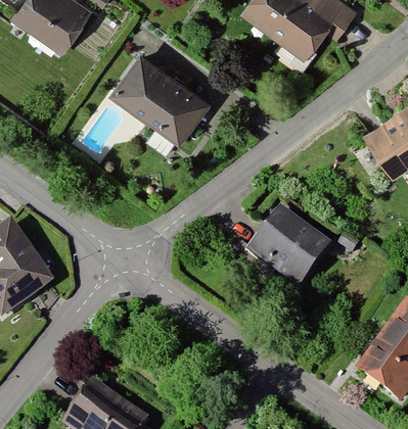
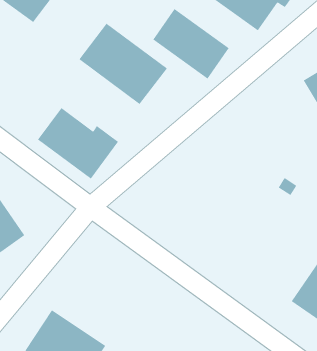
building: none -> [153,8,229,79]
building: none -> [37,107,119,180]
building: [243,196,328,278] -> none

